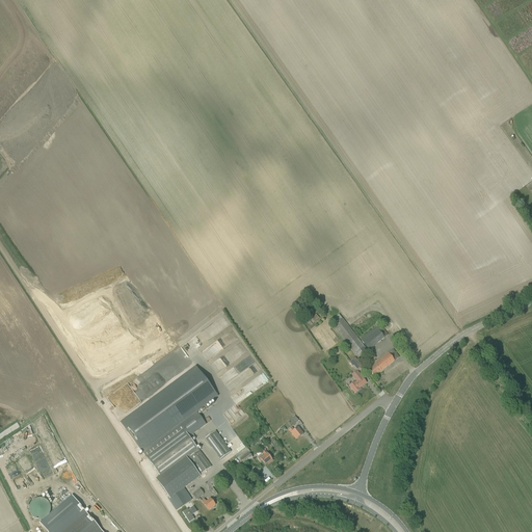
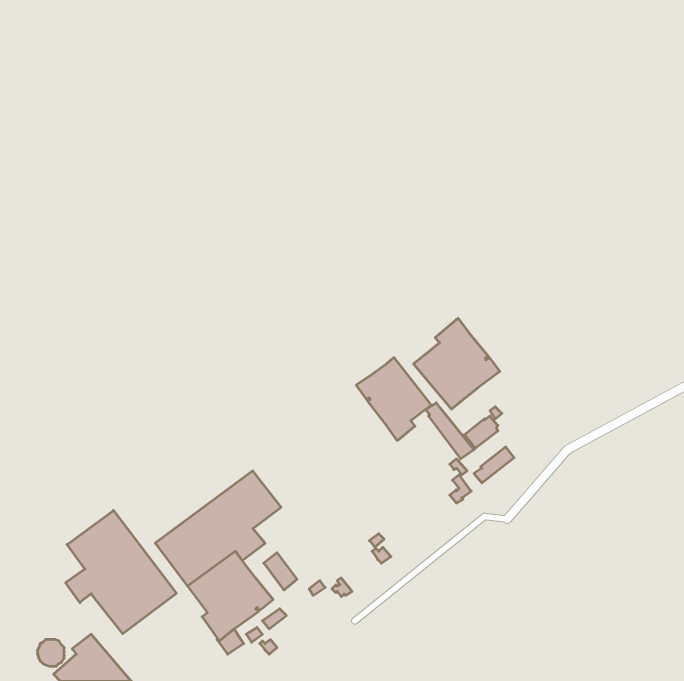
building: none -> [414,318,500,409]
building: none -> [356,358,431,440]
building: none -> [66,510,176,634]

